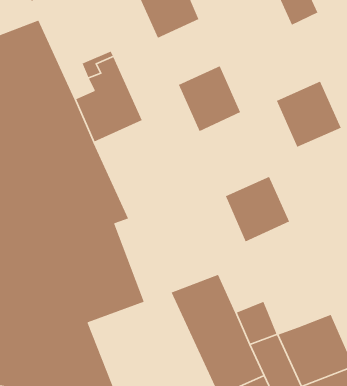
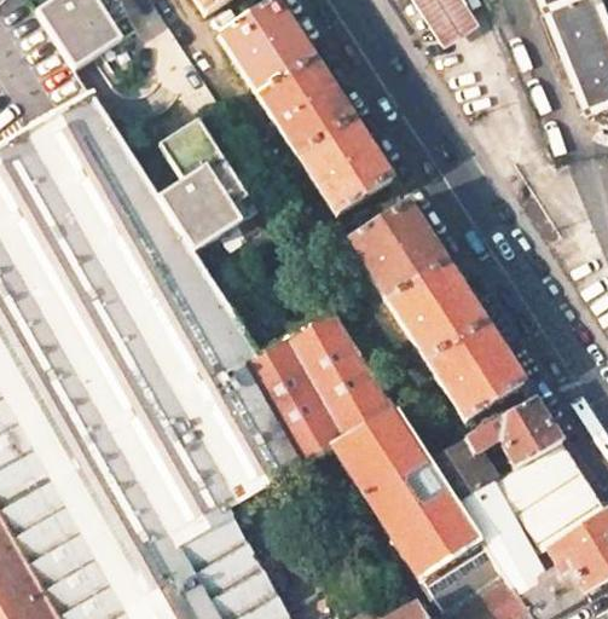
building: none -> [260,59,353,155]
building: [276,81,342,148] -> [348,201,446,300]
building: none -> [242,312,396,465]
building: none -> [427,322,525,421]
building: none -> [465,399,562,467]

